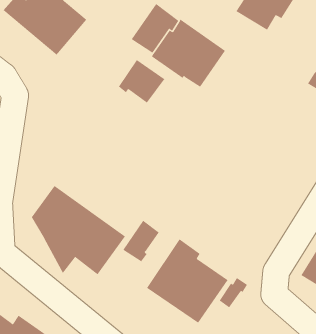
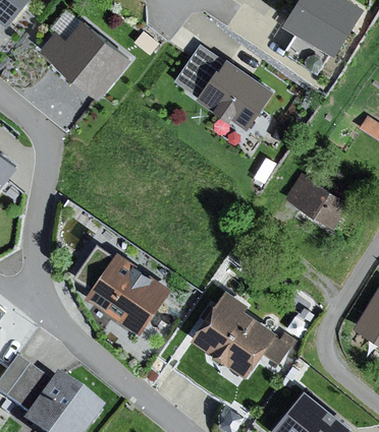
building: [118,59,165,104] -> none
building: none -> [284,173,349,230]
building: [122,220,160,262] -> none

